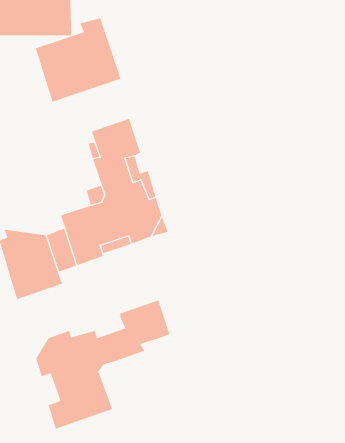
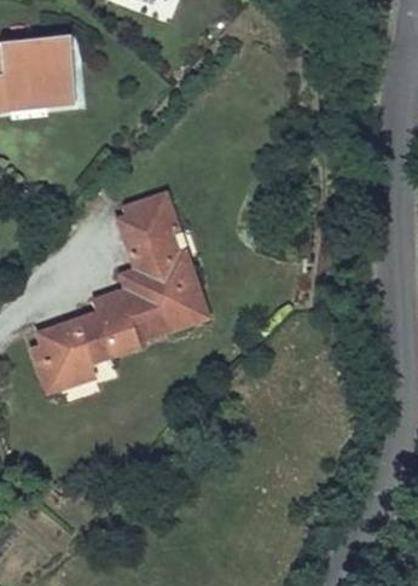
building: [35,18,121,102] -> none
building: [36,299,170,430] -> none

